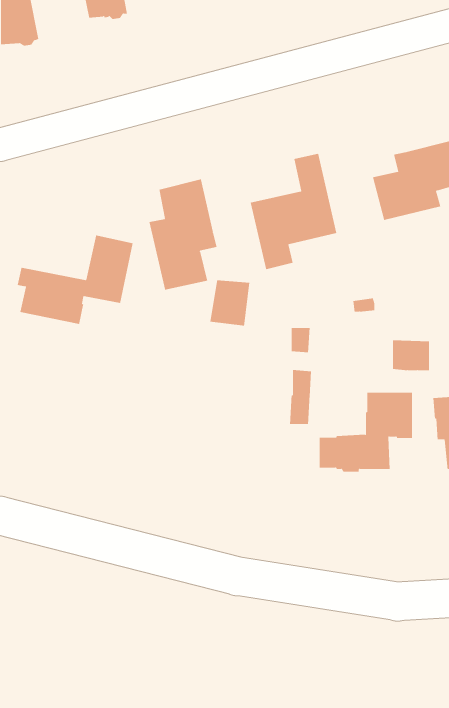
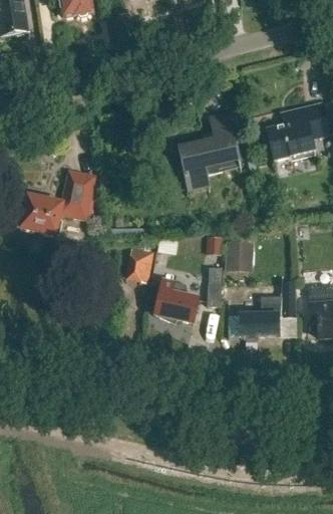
building: [149,179,217,290] -> none
building: [210,280,250,326] -> [124,247,153,280]
building: [392,340,430,371] -> [226,240,253,262]
building: none -> [153,278,199,322]

